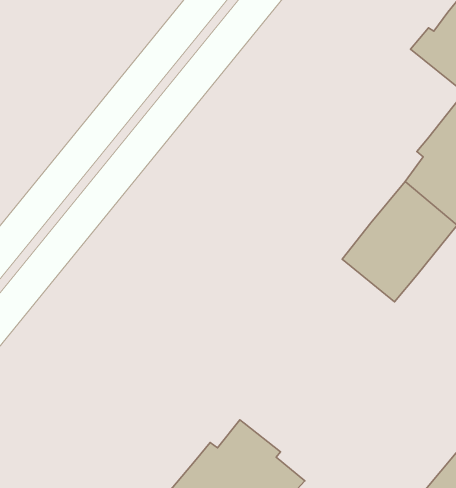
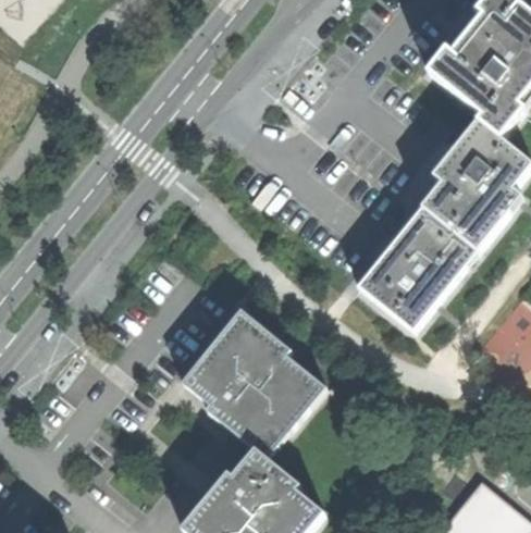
building: none -> [182,314,324,454]

